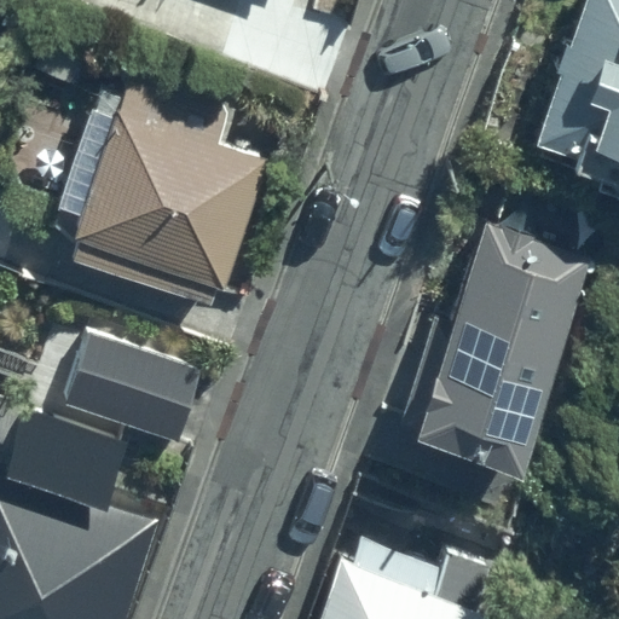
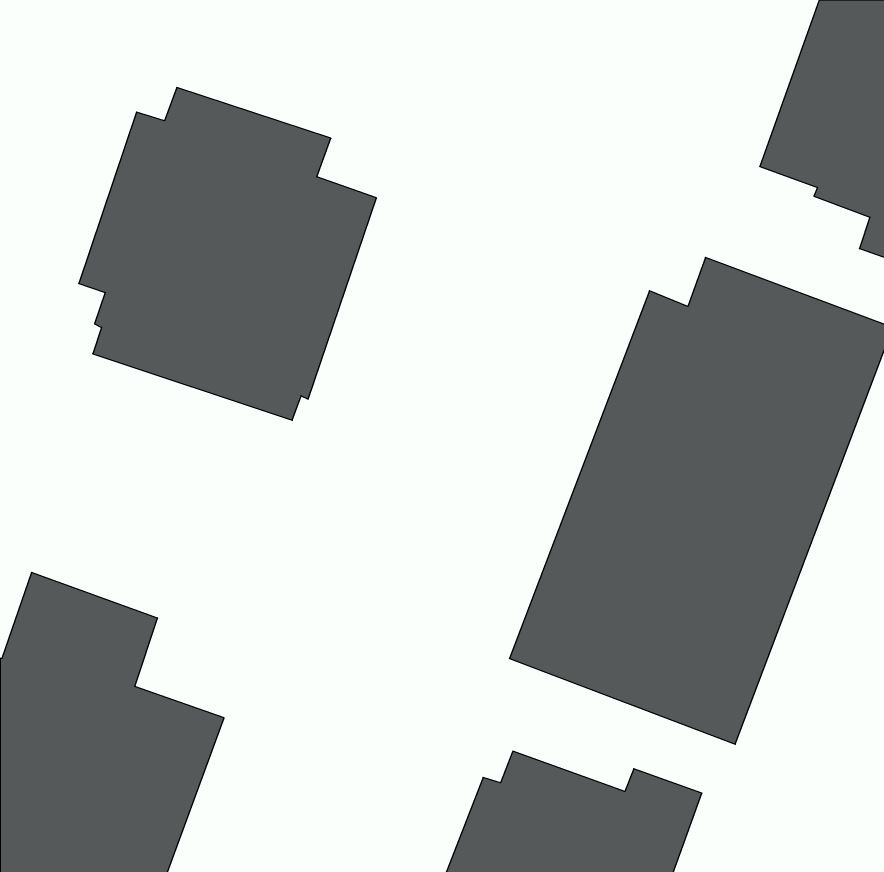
building: [64,345,203,447] -> none

